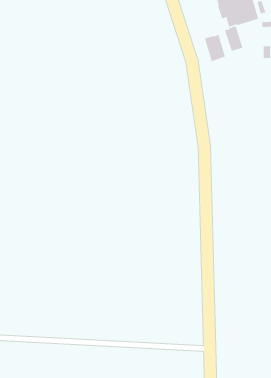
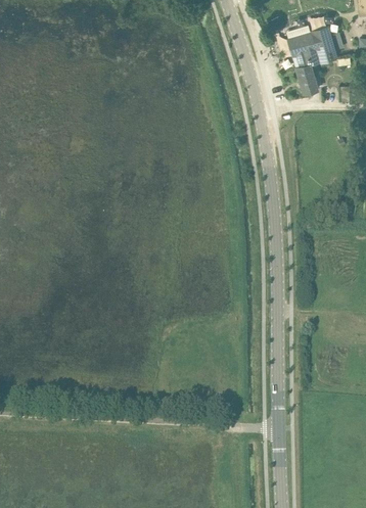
building: [204,34,226,62] -> none

